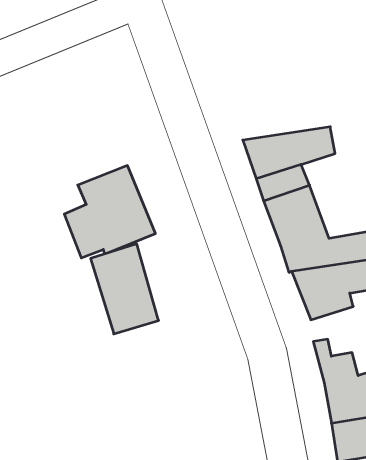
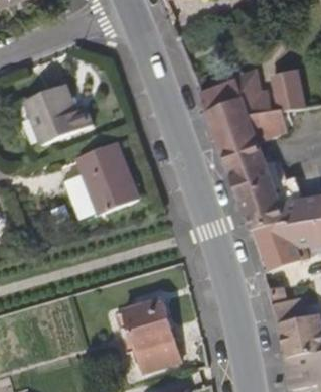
building: none -> [199,70,304,122]
building: none -> [22,84,93,146]
building: [91,244,159,334] -> [122,299,178,374]

